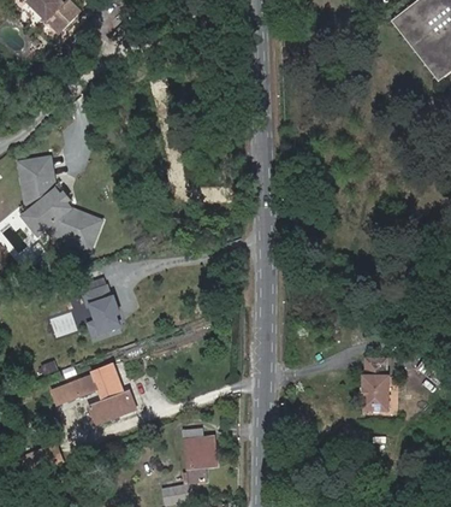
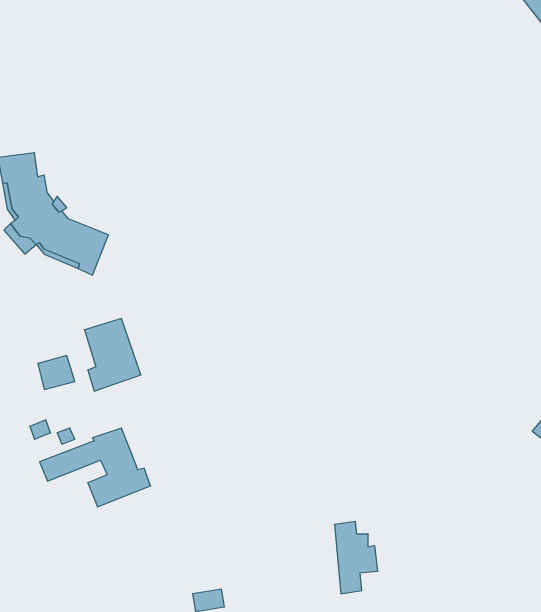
building: [362,356,388,409] -> none
building: [183,429,215,483] -> [334,521,378,594]

